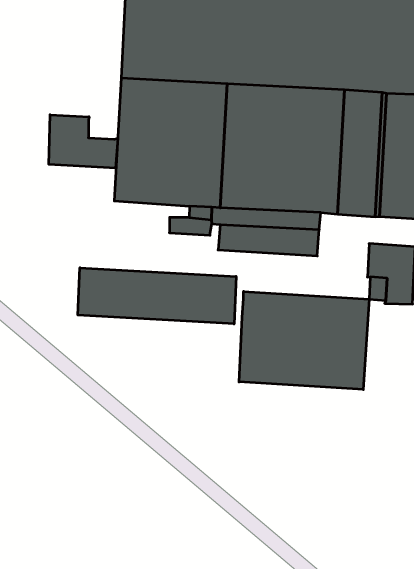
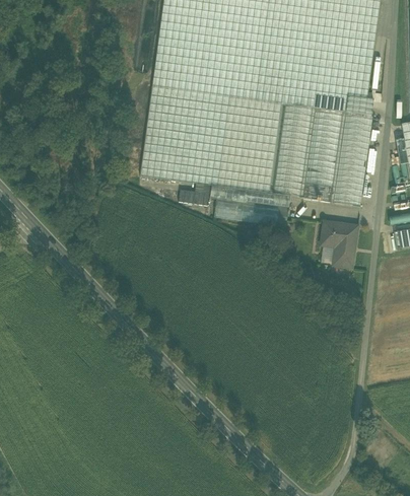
building: [49,115,118,168] -> none
building: [78,268,236,324] -> none
building: [239,291,369,390] -> none

